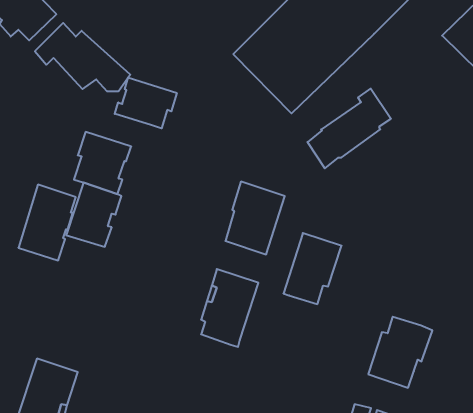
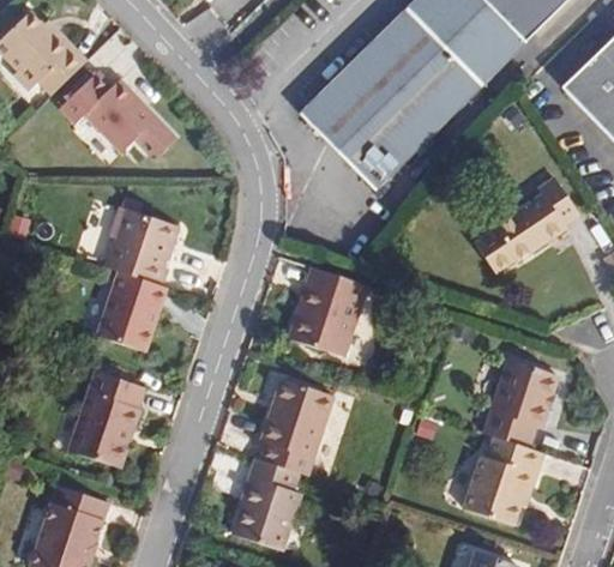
building: [115,77,177,128] -> none
building: [307,89,391,168] -> [478,174,582,272]
building: [18,185,76,260] -> [73,373,144,466]
building: [283,233,342,304] -> [492,358,564,446]
building: none -> [235,456,302,548]

